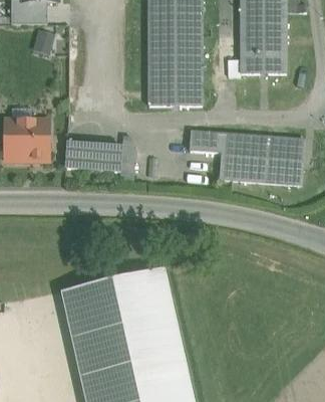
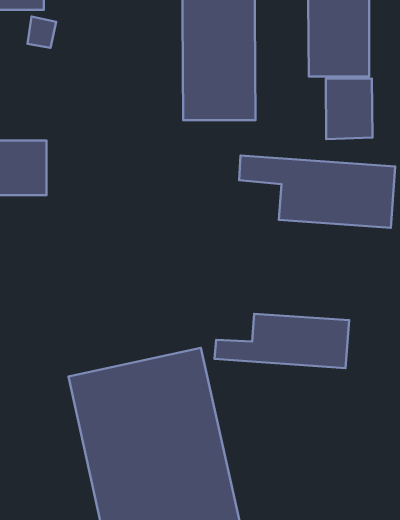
building: none -> [326,78,372,139]
building: [65,142,121,171] -> none
building: none -> [215,314,349,368]

